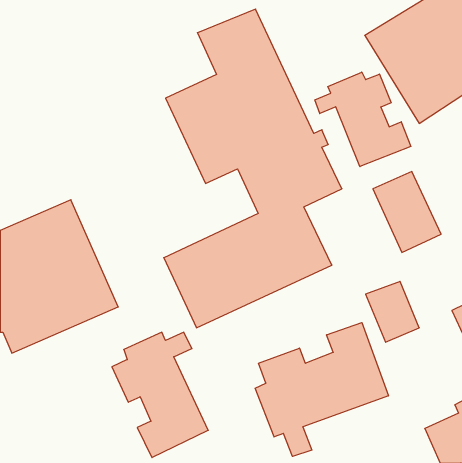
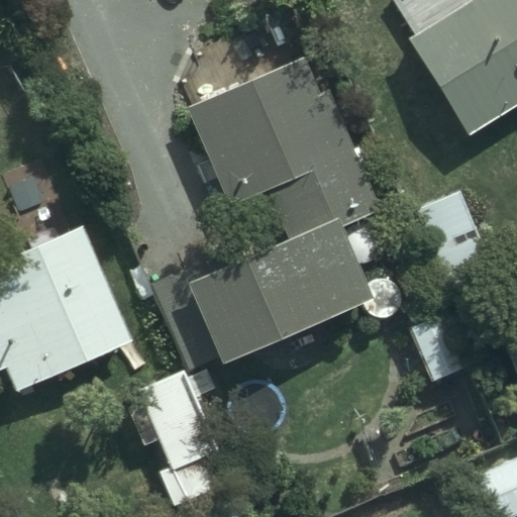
building: [315,72,411,167] -> none
building: [255,323,388,456] -> none

